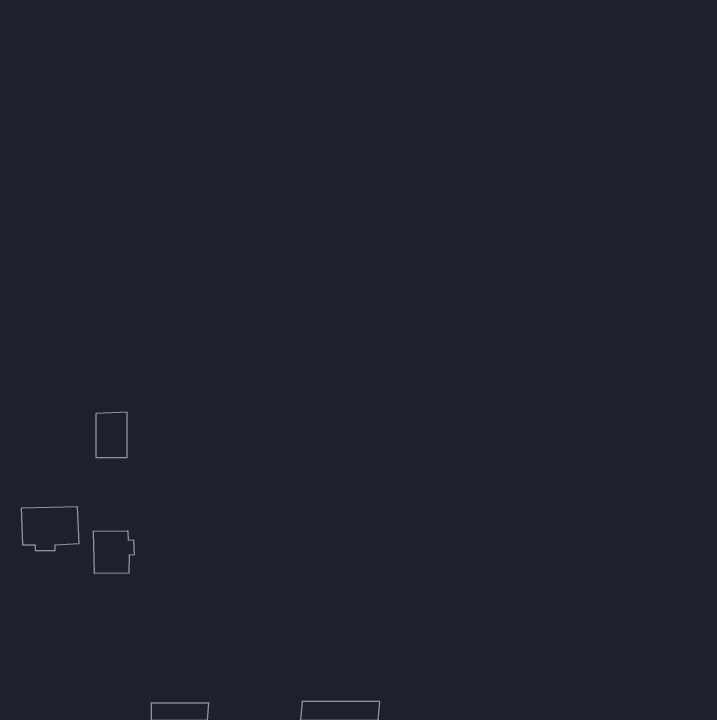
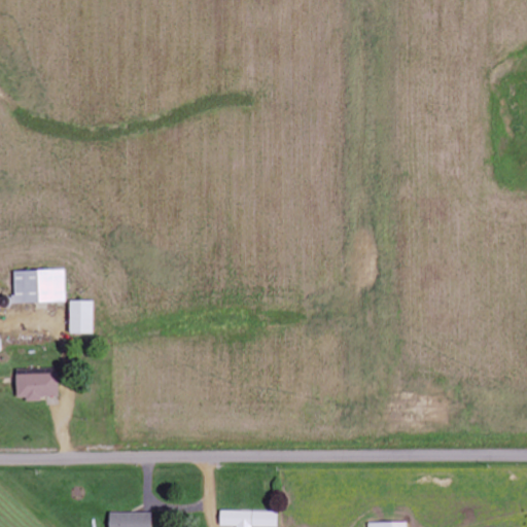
building: none -> [12,270,65,304]
building: [93,531,134,574] -> none

